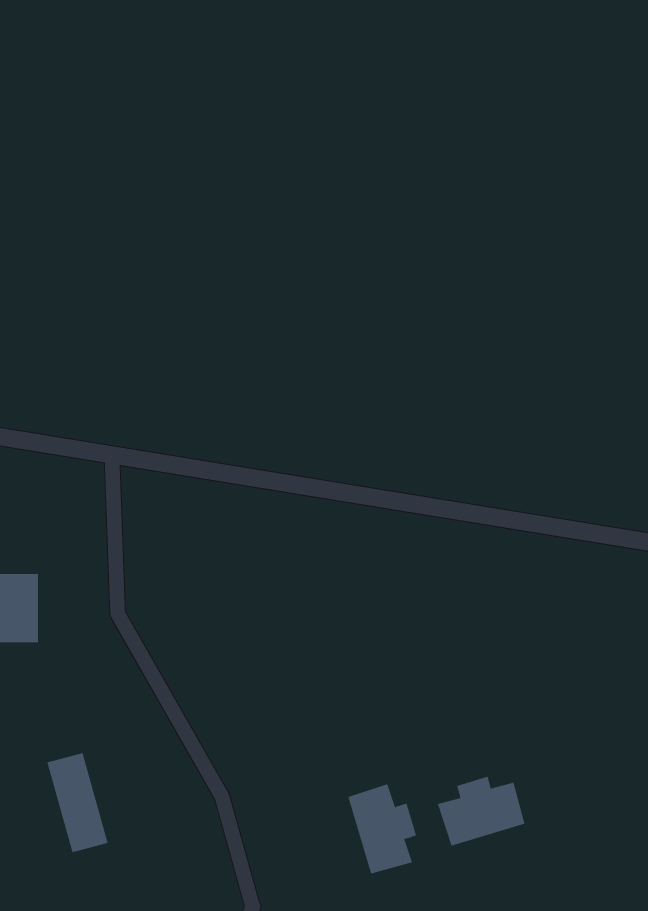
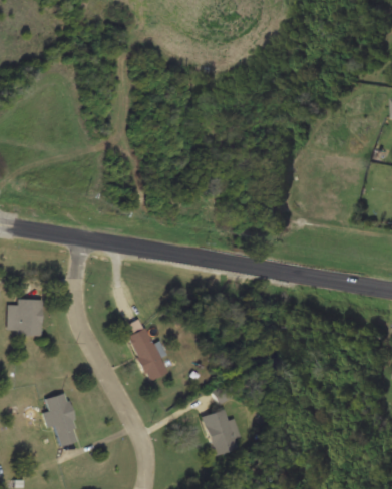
building: none -> [128,319,165,381]
building: [437,776,525,846] -> none

